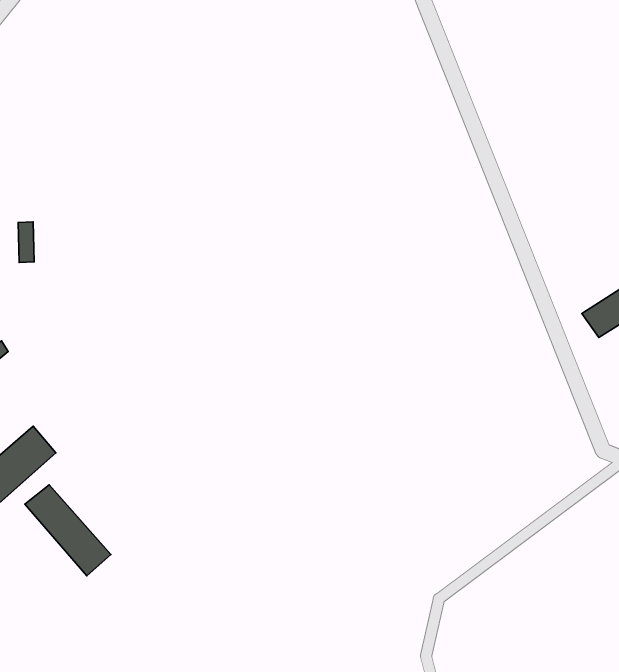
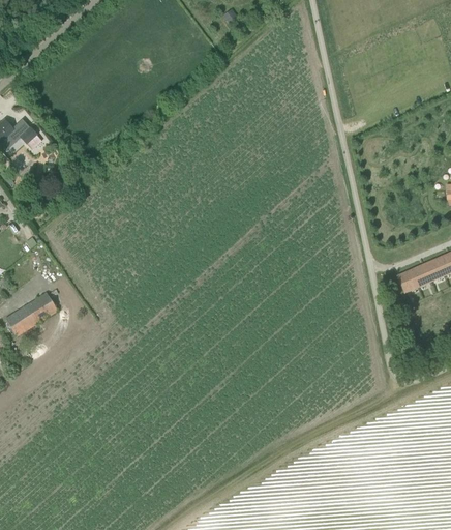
building: [25,485,111,576] -> none

